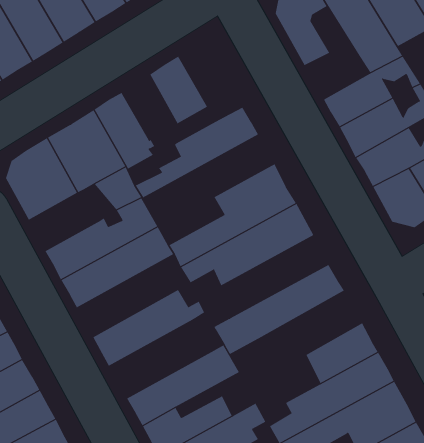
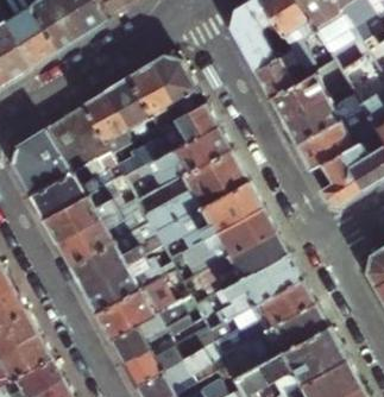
building: none -> [153,53,202,102]
building: none -> [256,53,309,96]
building: none -> [107,76,152,141]
building: none -> [137,125,232,188]
building: none -> [31,170,89,220]
building: none -> [180,207,276,275]
building: none -> [70,222,163,290]
building: none -> [203,252,303,330]
building: none -> [96,276,180,340]

